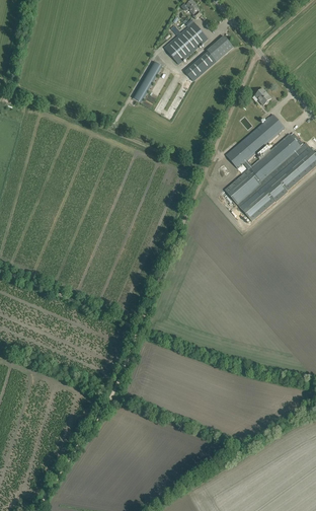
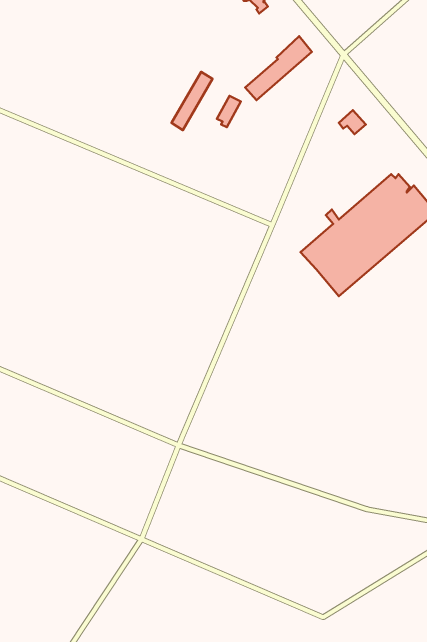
building: [164,18,208,63] -> none
building: [225,114,284,167] -> none

